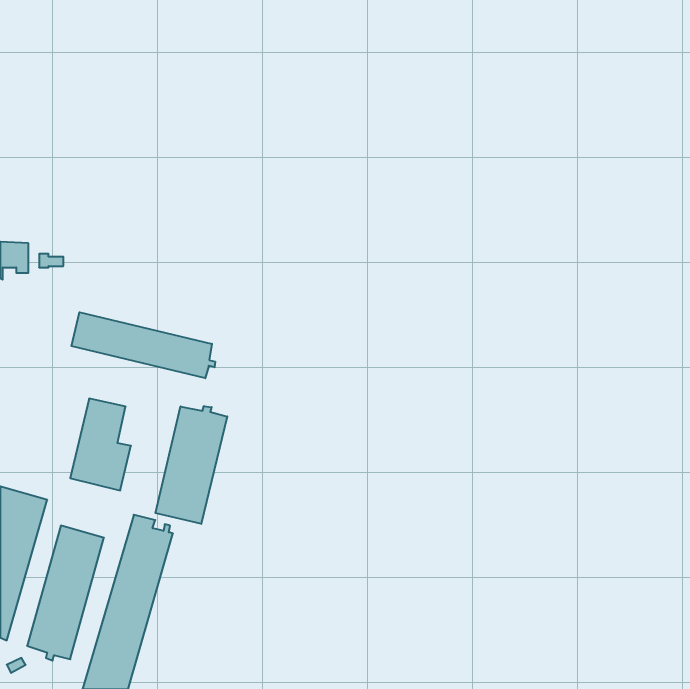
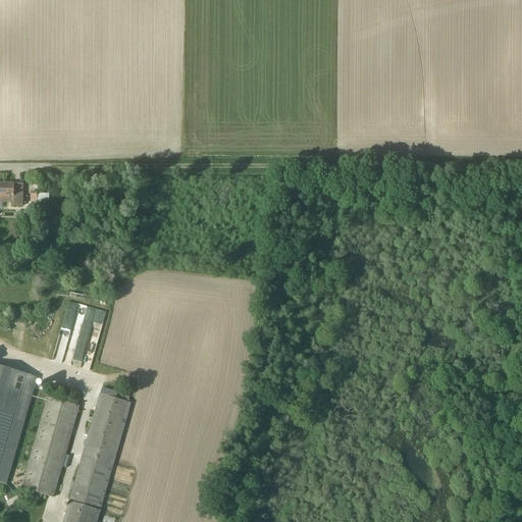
building: [71,312,215,378] -> none
building: [155,406,227,524] -> none

